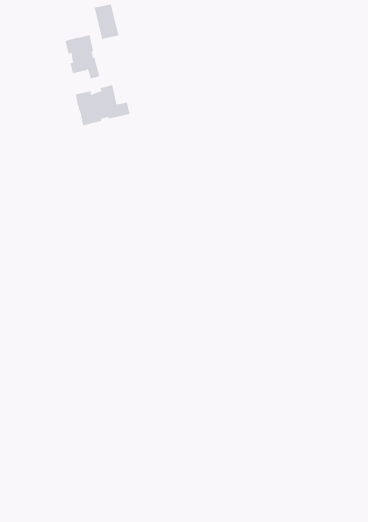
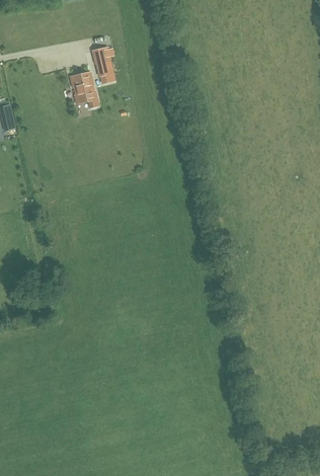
building: [75,84,130,126] -> none

